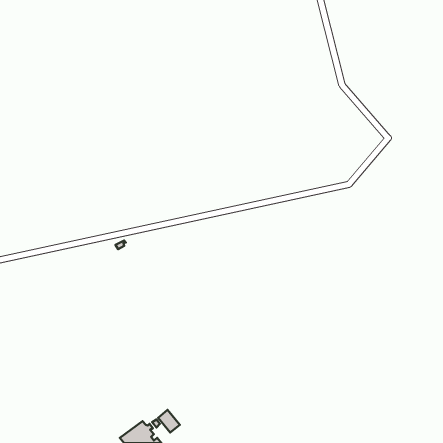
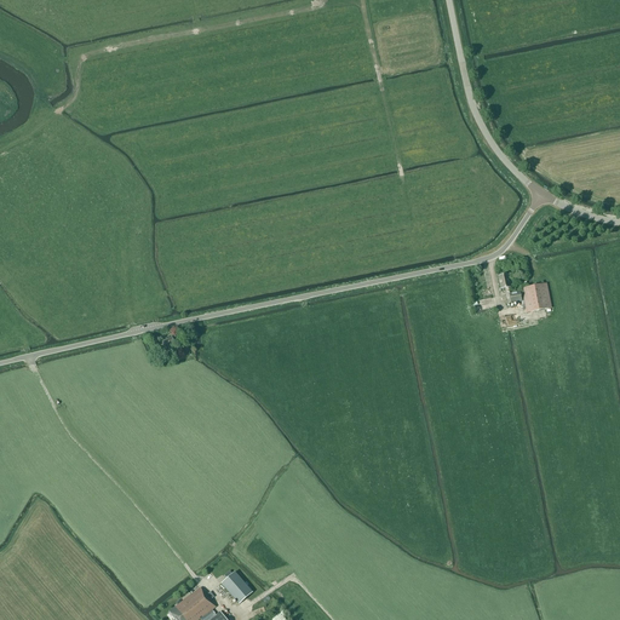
building: none -> [498,274,550,312]

